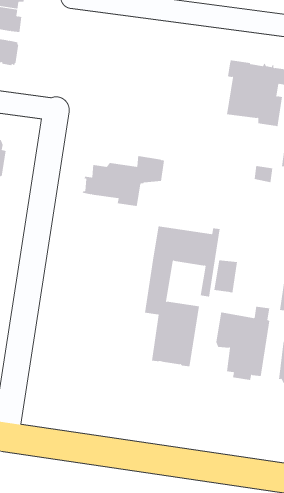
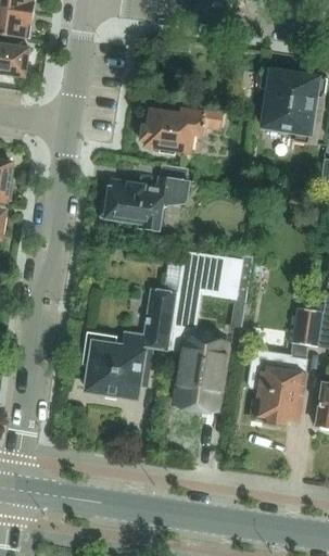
building: none -> [141,108,223,155]
building: none -> [83,287,176,396]
building: [214,260,238,293] -> [291,308,318,345]

